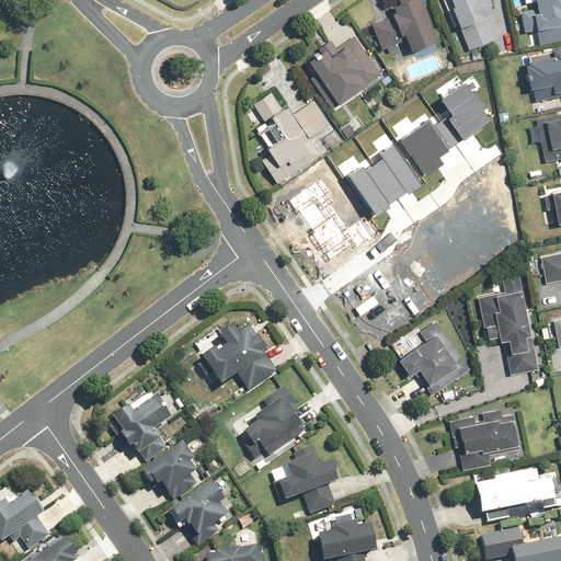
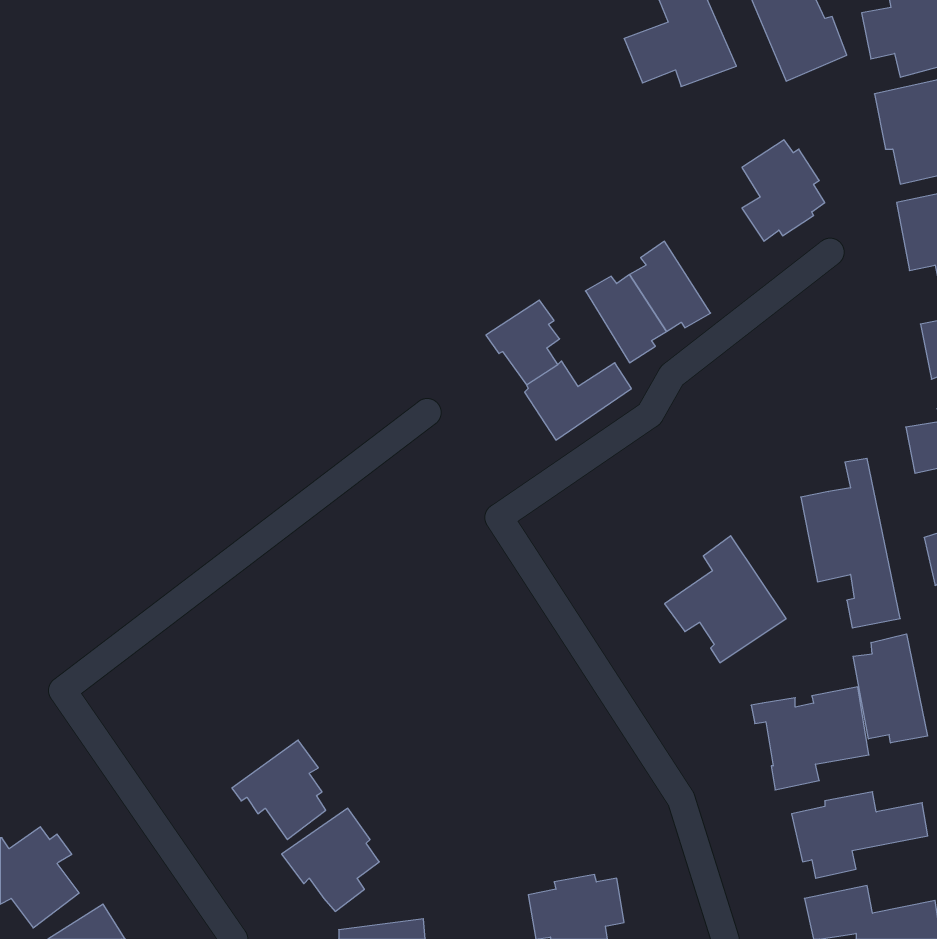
building: [307,35,381,105] -> none
building: [244,91,345,184] -> none
building: [400,121,457,176] -> none
building: [199,324,276,390] -> none
building: none -> [853,634,927,743]
building: [241,387,308,454] -> none
building: [117,392,168,461] -> none
building: [277,445,337,513] -> none

